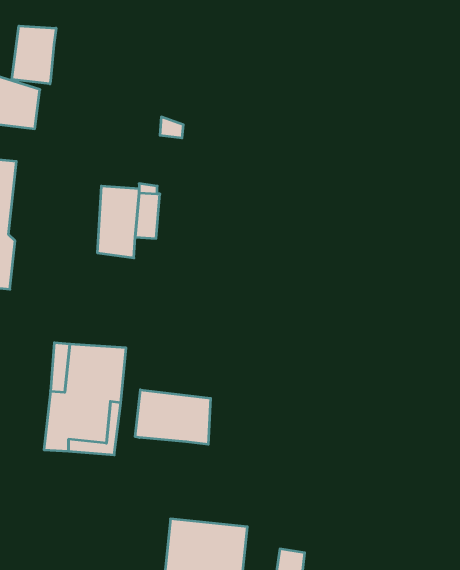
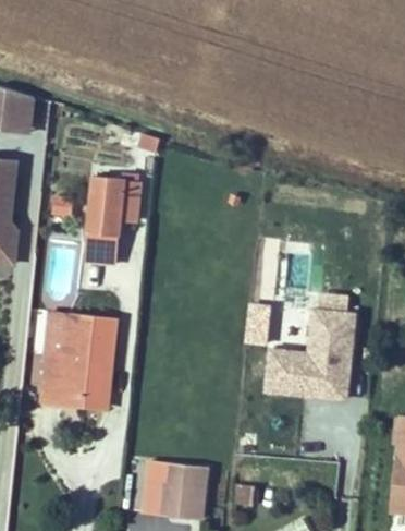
building: [12,26,56,84] -> none
building: none -> [266,294,359,400]
building: [135,390,211,444] -> none

